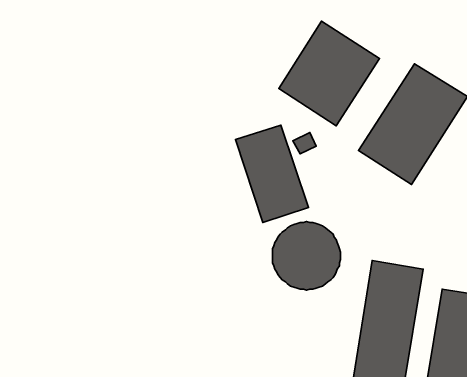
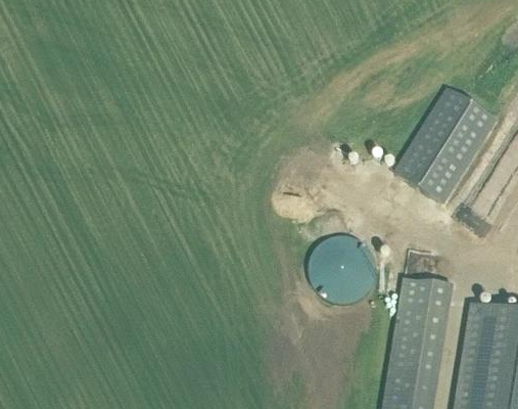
building: [279,21,379,126] -> none
building: [235,125,308,223] -> none

